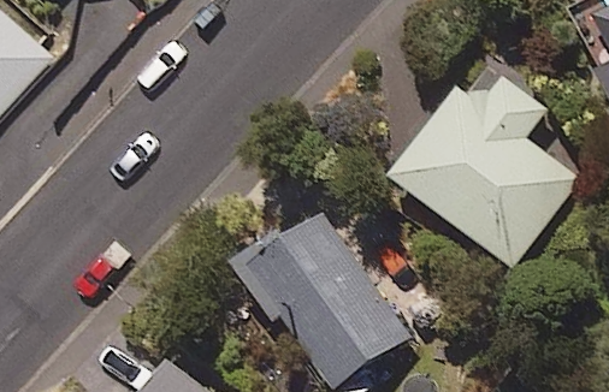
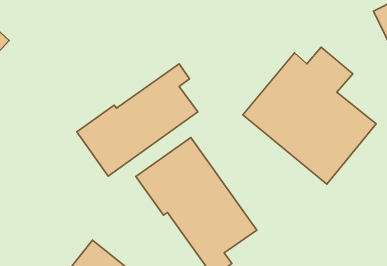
building: none -> [77,64,198,176]

